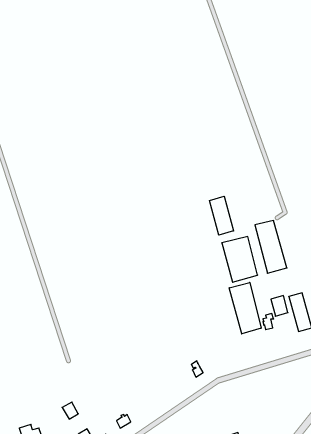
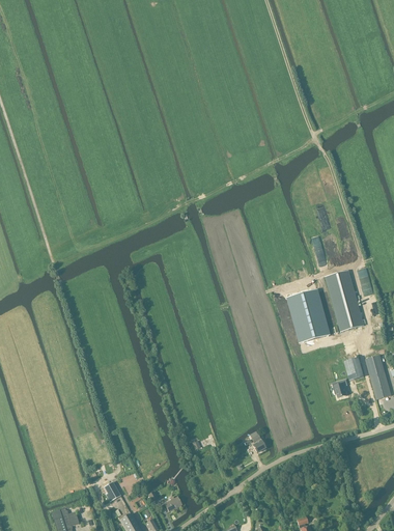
building: [209,196,234,235] -> none
building: [229,282,261,334] -> none

